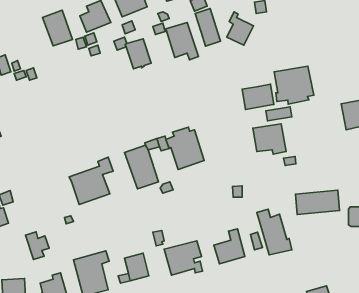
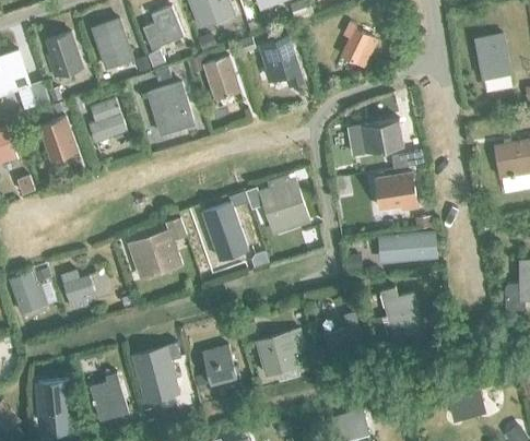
building: [195,8,221,46] -> none
building: none -> [46,32,83,76]
building: none -> [474,34,508,79]
building: none -> [148,83,193,134]
building: [274,66,314,104] -> none
building: none -> [89,99,126,143]
building: none -> [40,116,79,158]
building: [296,190,339,215] -> [378,230,437,263]
building: [25,232,49,259] -> [60,272,92,309]

